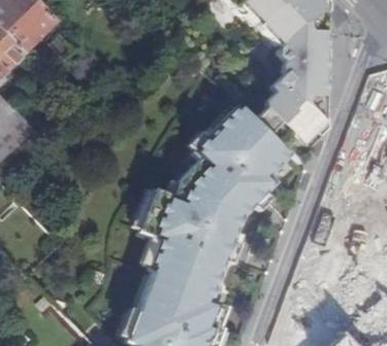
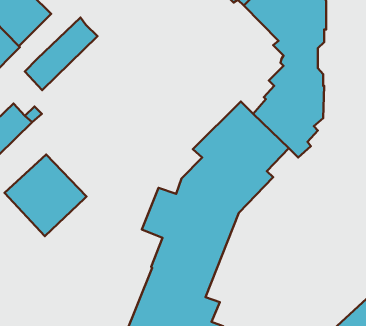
building: none -> [25,17,98,90]
building: none -> [5,155,87,236]

